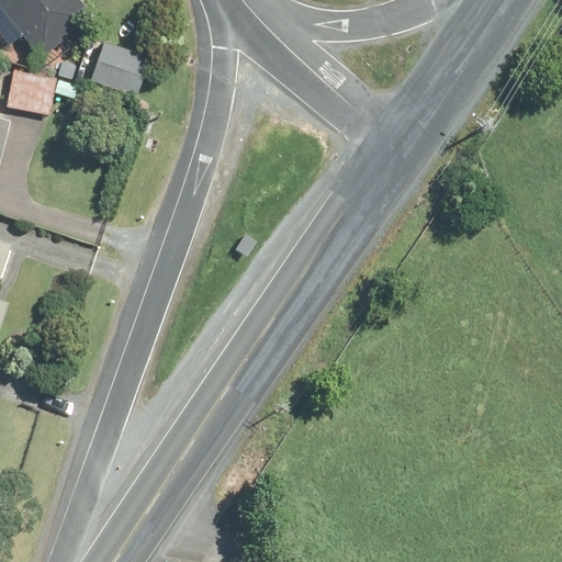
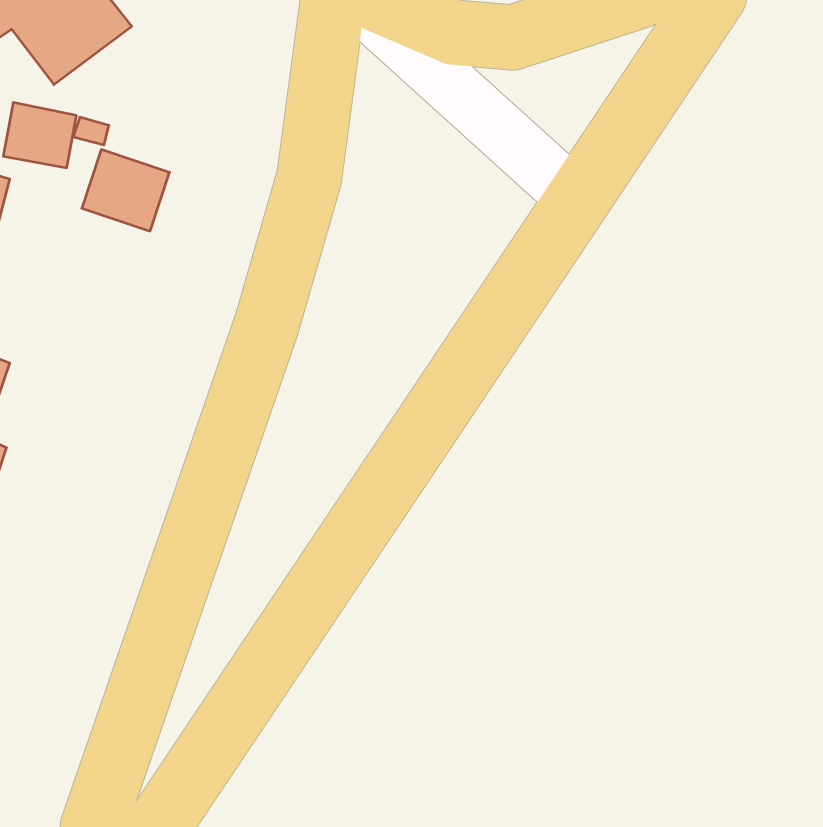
building: [87,41,146,95] -> [82,150,170,231]

